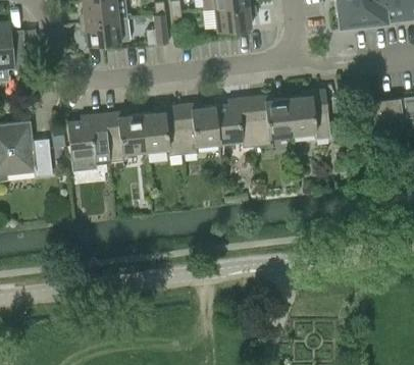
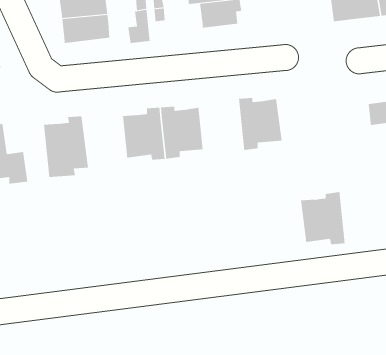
building: [287,89,329,139] -> [300,192,346,245]
building: [213,97,255,147] -> none
building: [103,110,145,162] -> none

